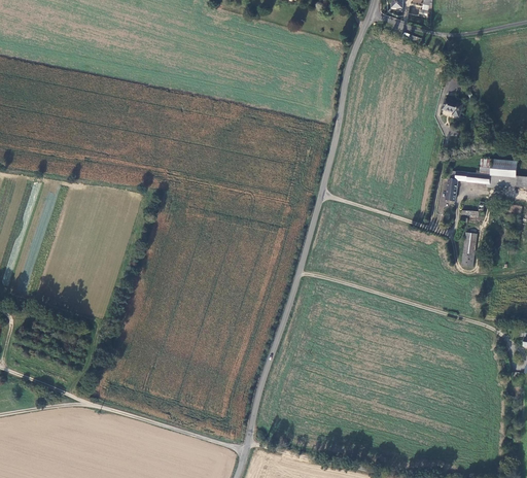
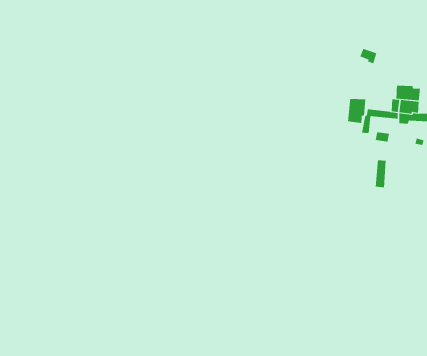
building: none -> [396,85,420,101]
building: none -> [347,98,366,124]

